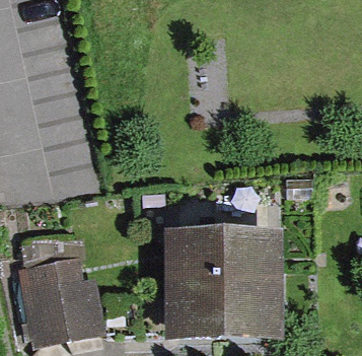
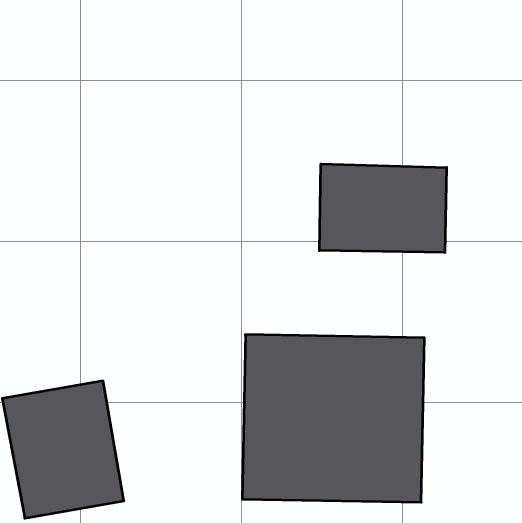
building: none -> [319,164,447,253]

